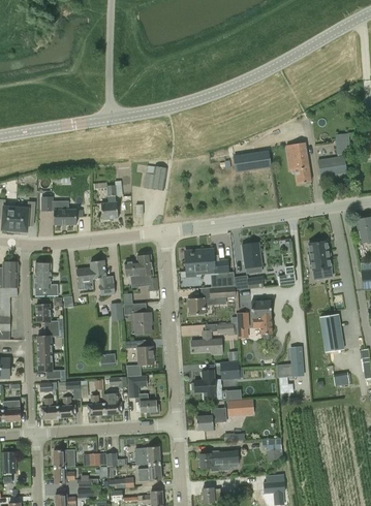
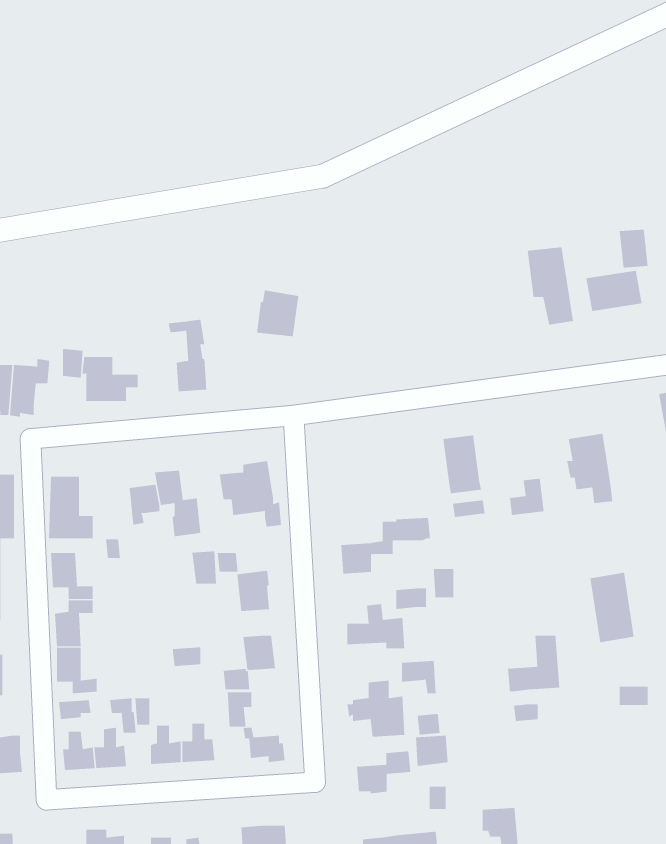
building: [233,151,271,171] -> none
building: [185,250,235,287] -> none
building: [251,299,272,334] -> none

